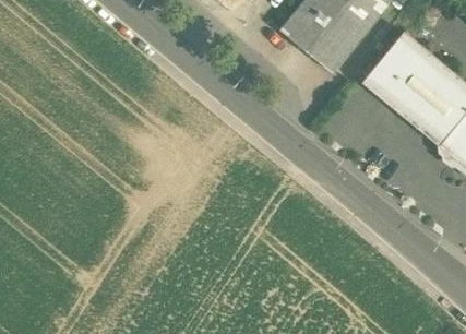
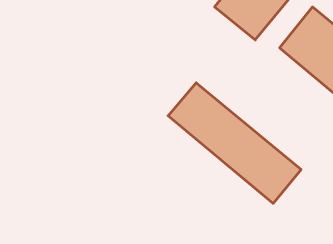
building: none -> [168,83,301,203]

